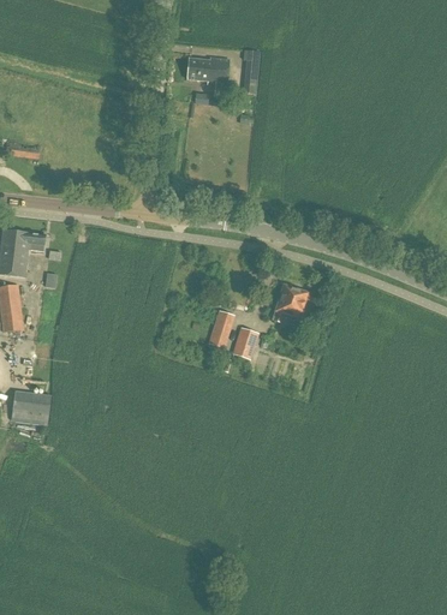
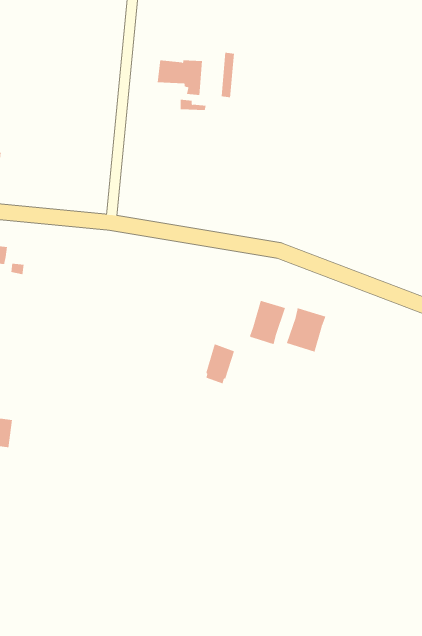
building: none -> [286,307,326,353]
building: [208,310,236,348] -> none

